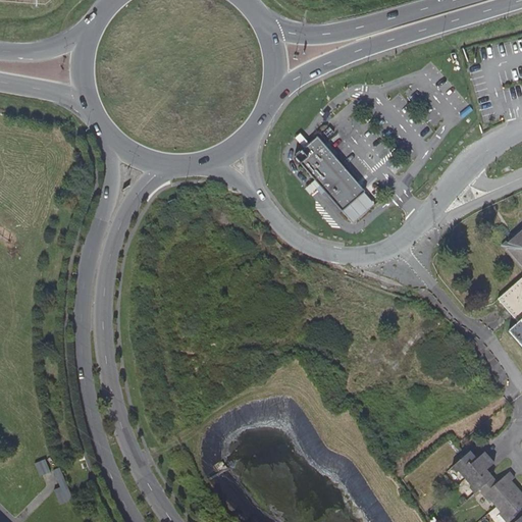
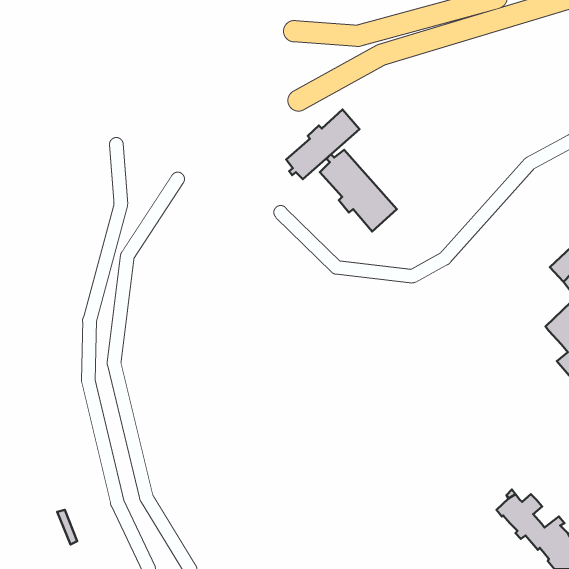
building: none -> [286,109,359,179]
building: [342,191,375,224] -> none

